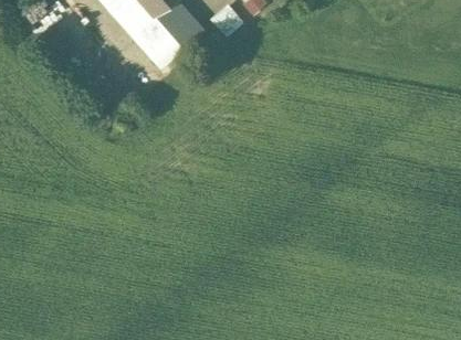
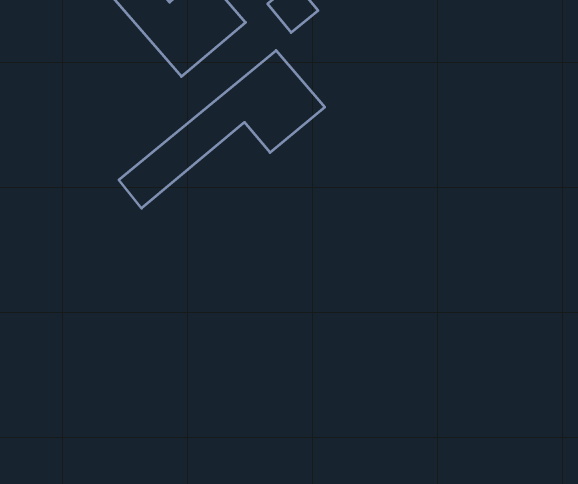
building: none -> [119,50,325,208]

